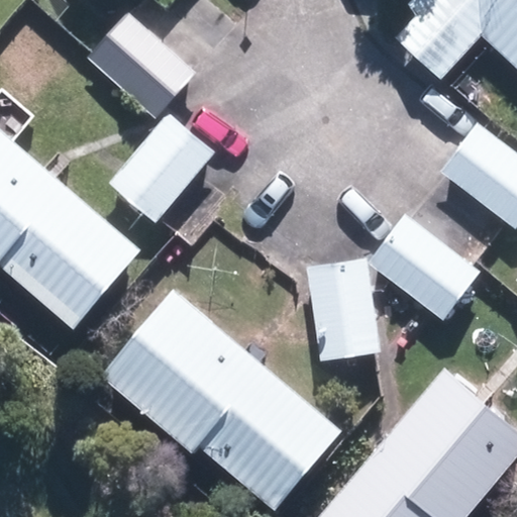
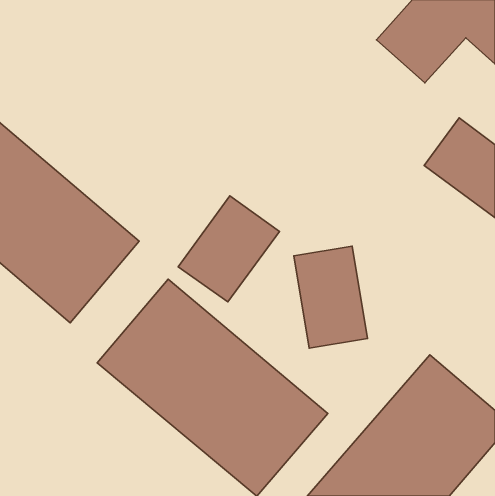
building: [86,12,199,121] -> none
building: [115,114,220,224] -> [178,196,279,302]
building: [368,213,481,319] -> none

